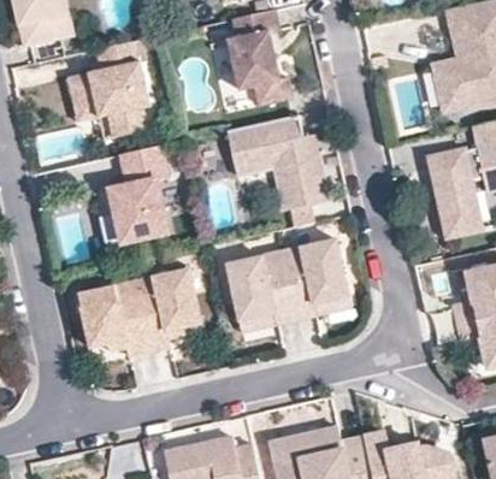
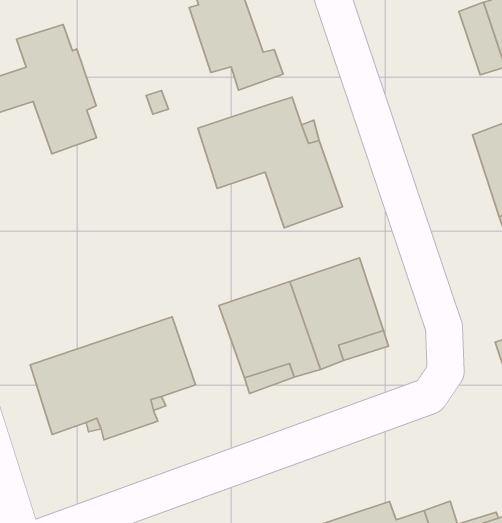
building: [110,144,166,242] -> none

